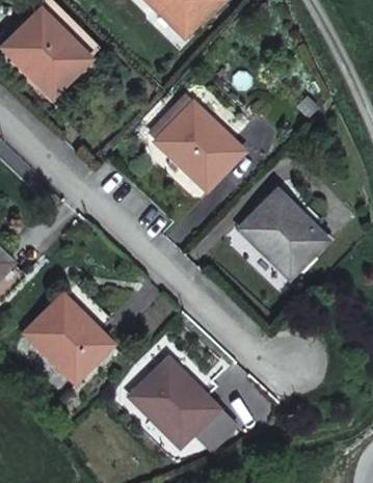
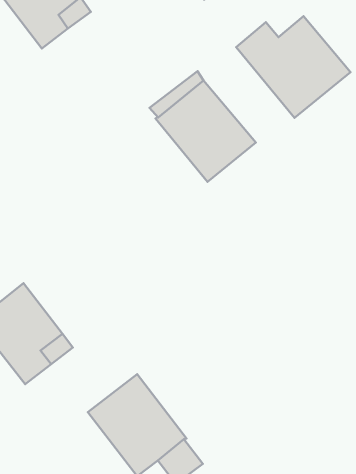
building: none -> [236,16,351,118]
building: [241,192,327,277] -> none

